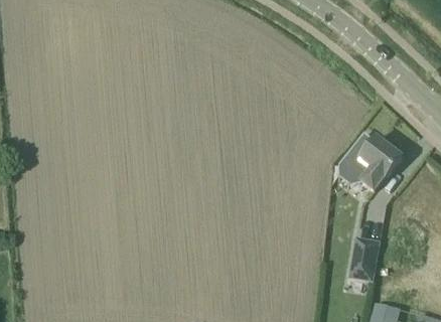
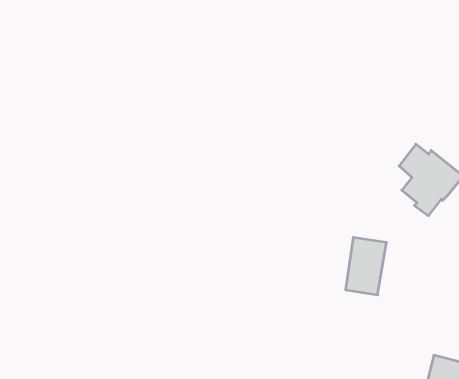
building: [348,237,381,283] -> [346,237,387,295]

